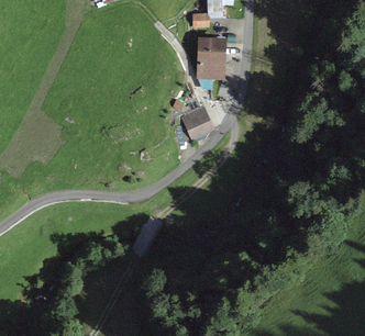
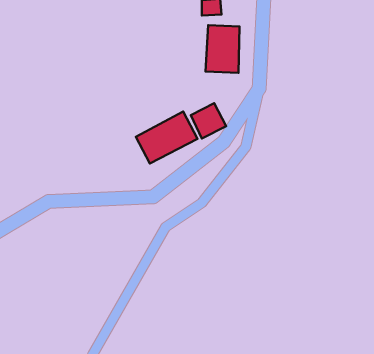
building: none -> [136,111,198,163]

